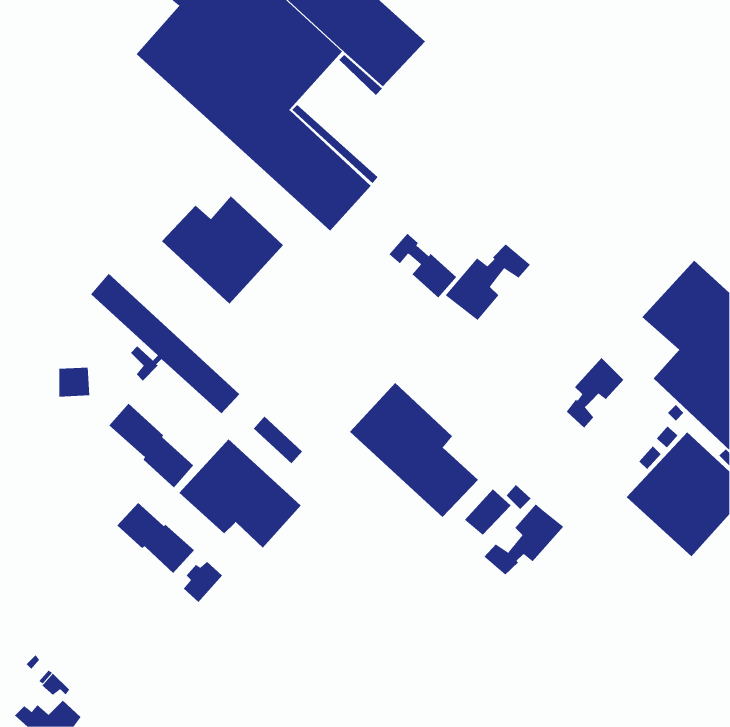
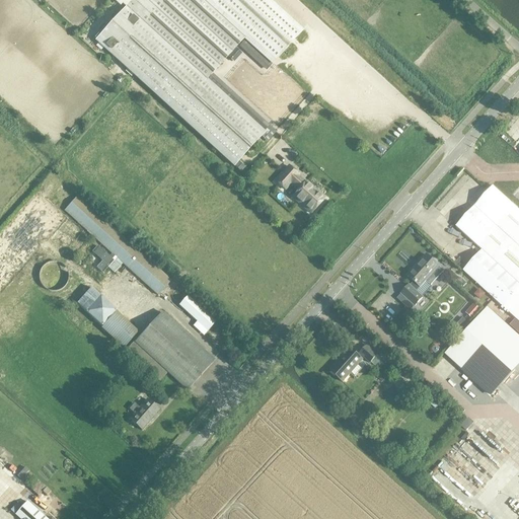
building: [161,196,284,304] -> none
building: [445,244,531,321] -> none
building: [349,382,479,518] -> none
building: [116,502,195,574] -> none
building: [484,504,564,576] -> none

